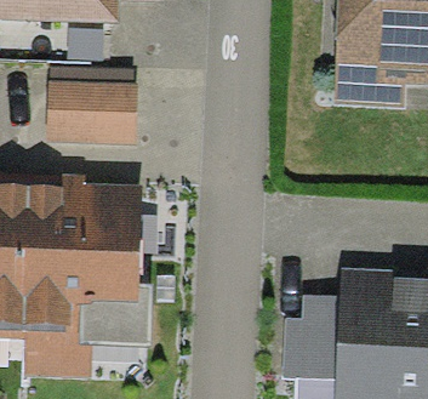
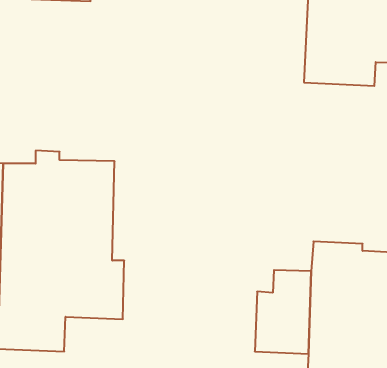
building: [47,81,139,144] -> none

